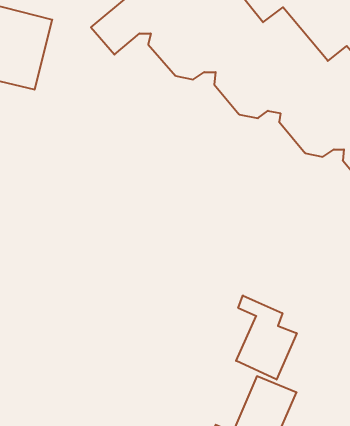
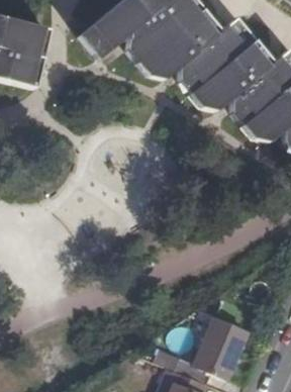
building: [236,295,297,380] -> none

